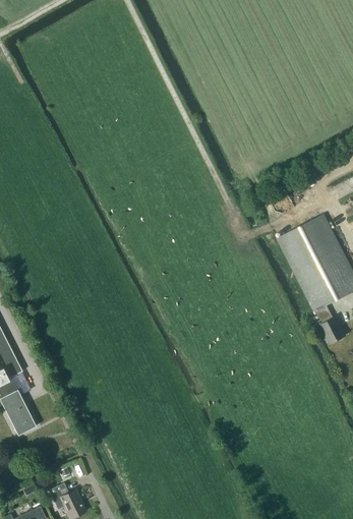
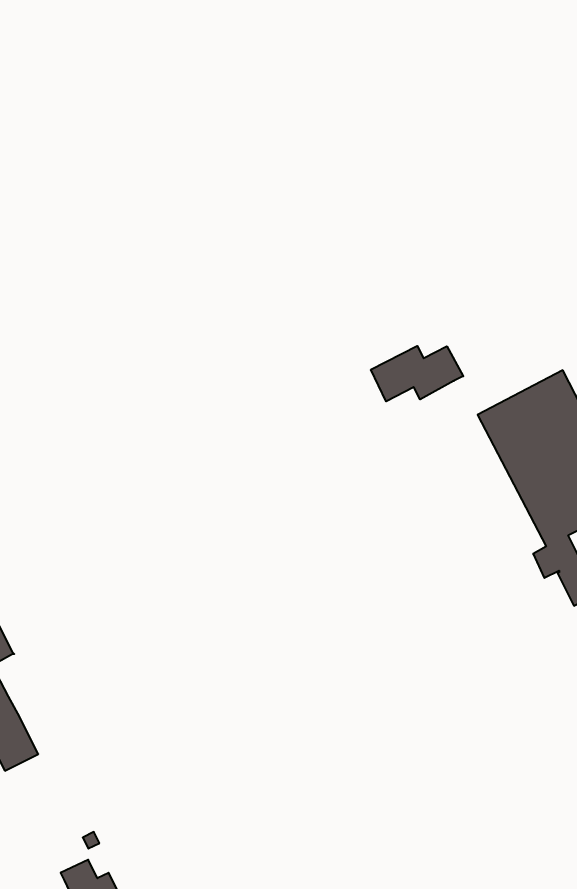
building: none -> [371,346,463,401]

